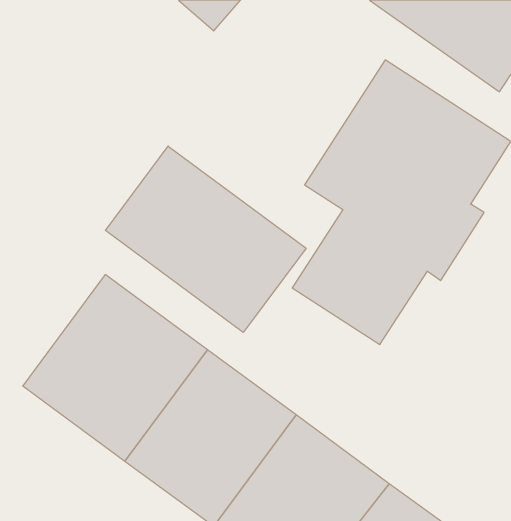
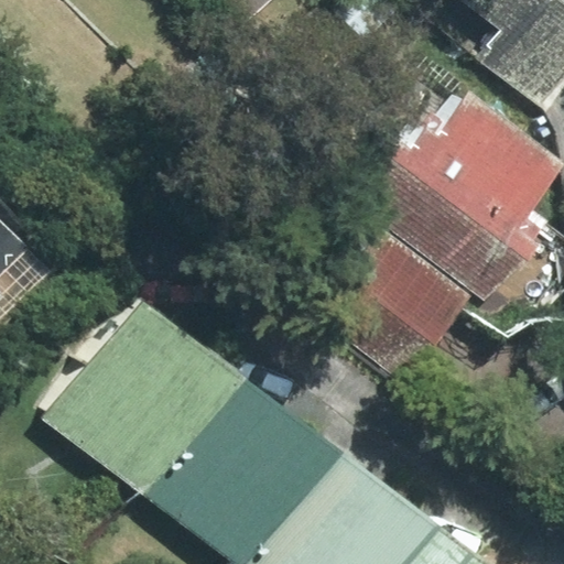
building: [105,146,306,332] -> none

